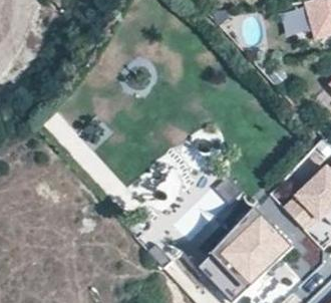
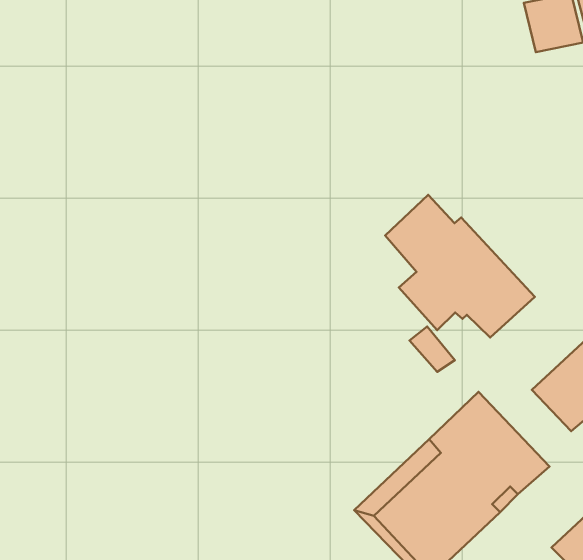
building: none -> [385,195,535,337]

